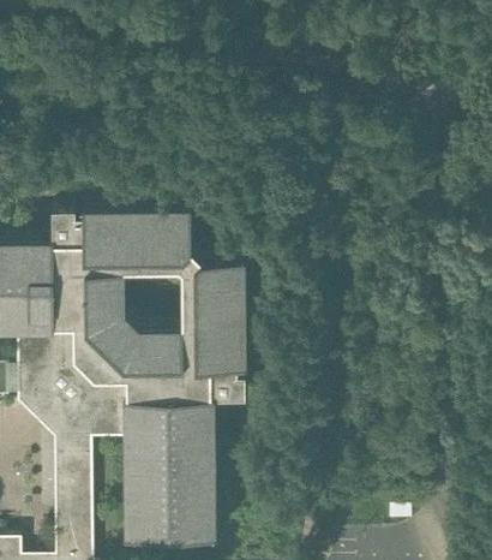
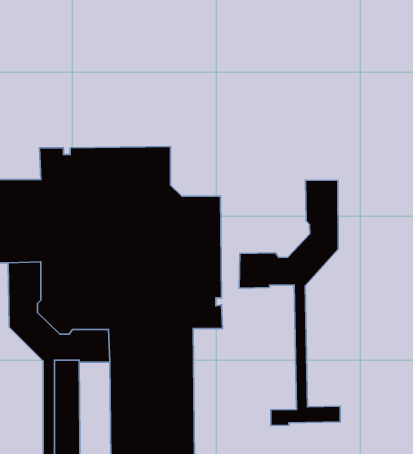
building: none -> [239,180,340,426]

